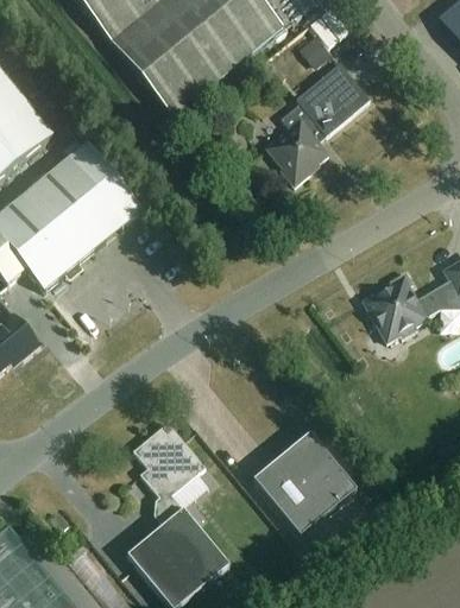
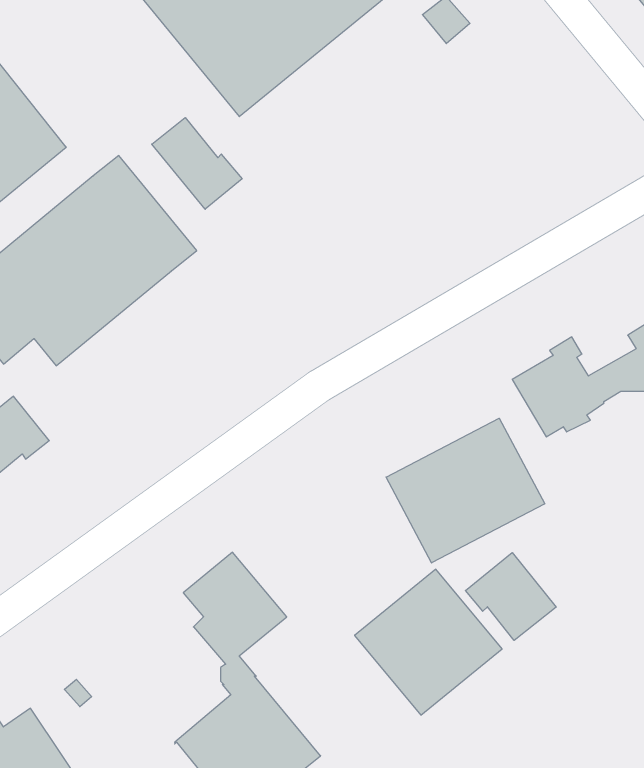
building: [267,61,371,184] -> none
building: none -> [152,118,242,209]
building: none -> [386,418,545,563]
building: none -> [465,553,556,640]

